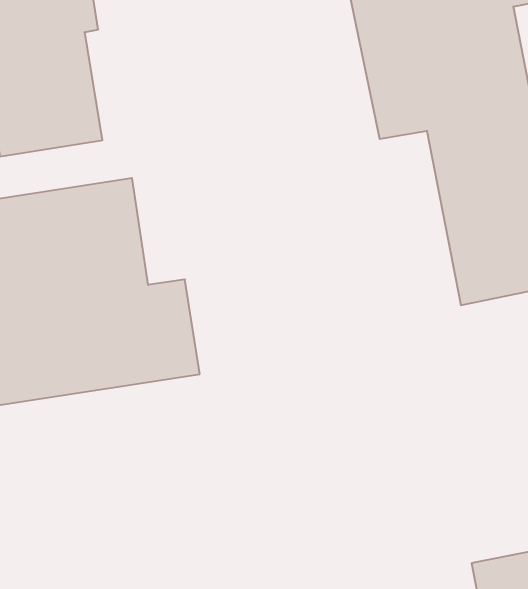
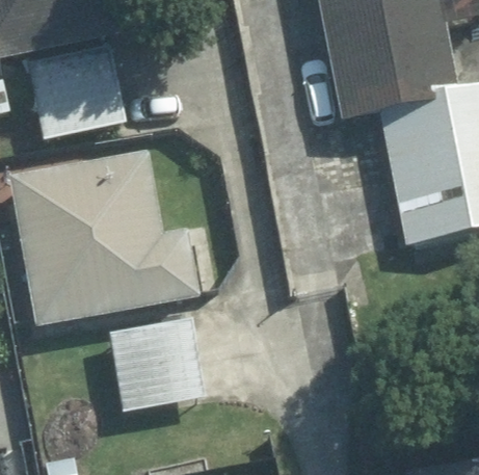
building: none -> [107,314,208,407]

